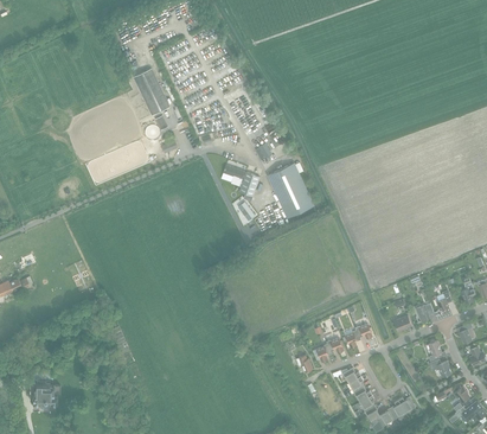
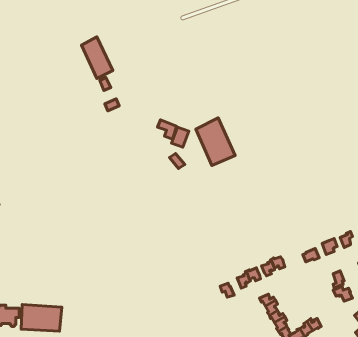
building: none -> [21,304,62,331]

